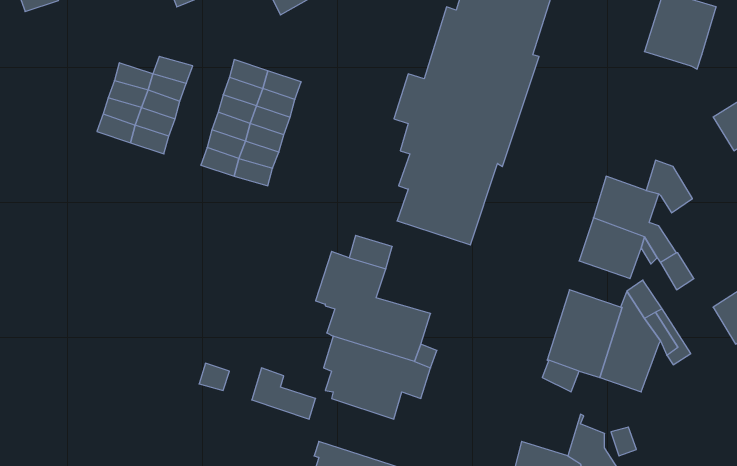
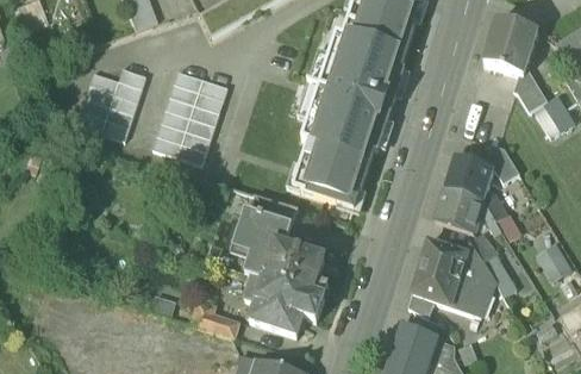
building: none -> [513,66,546,112]
building: none -> [392,323,436,364]

